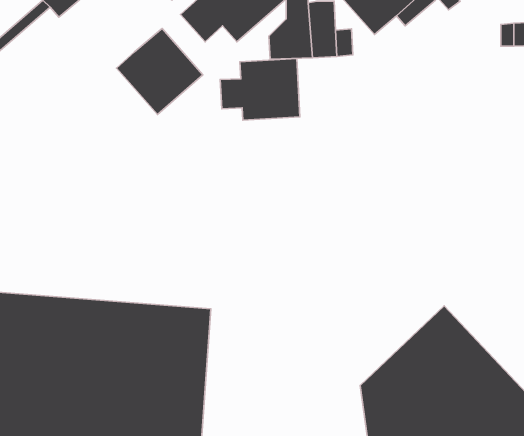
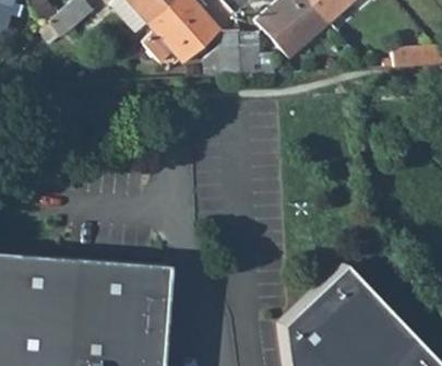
building: [117,28,203,114] -> none
building: [220,58,300,120] -> none

